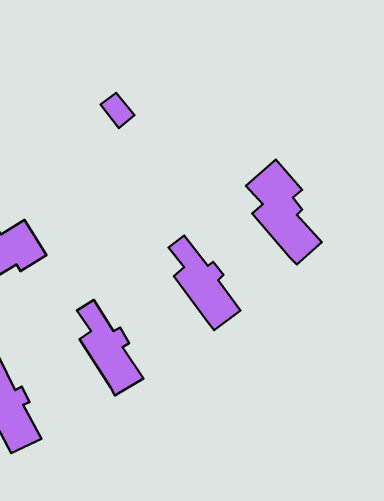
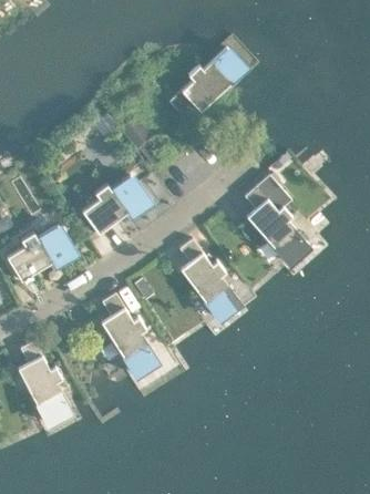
building: none -> [169,49,246,114]
building: none -> [82,176,152,235]

